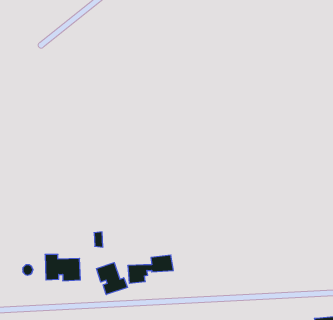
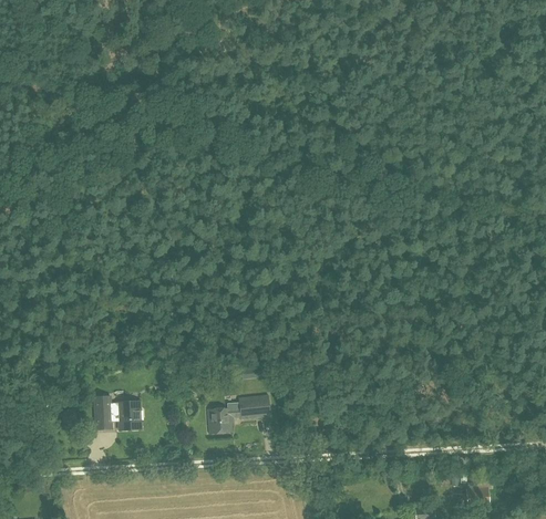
building: [96,263,127,295] -> none

